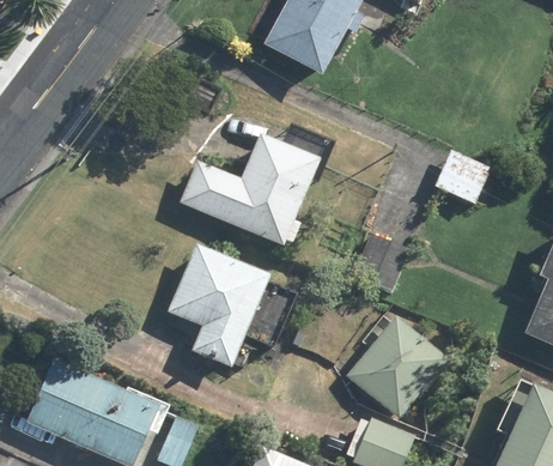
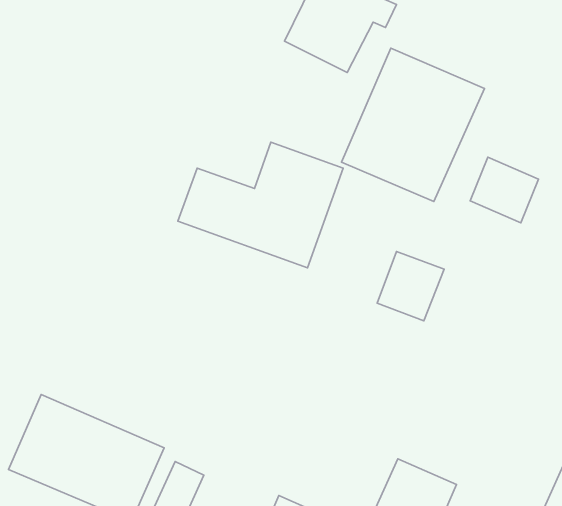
building: none -> [341,48,485,201]
building: [165,242,299,370] -> none
building: [344,314,445,417] -> none

